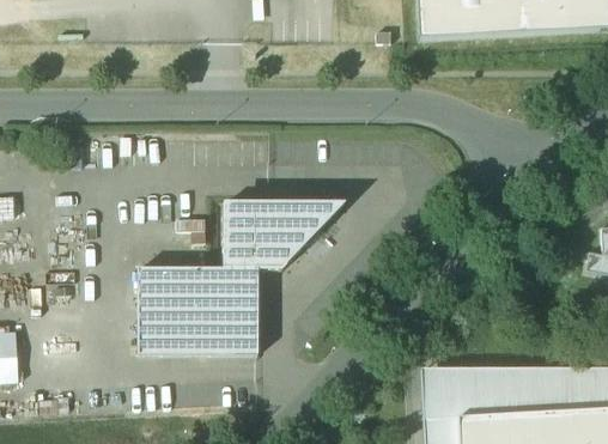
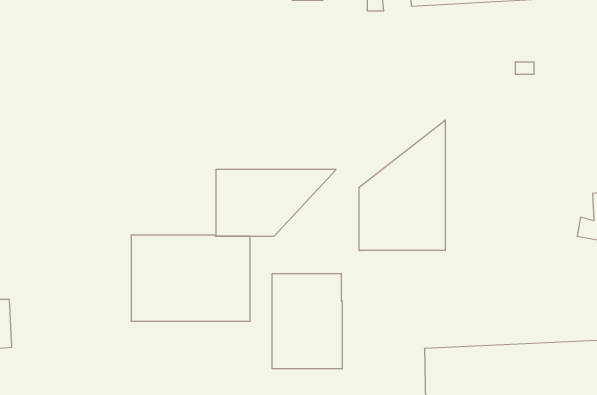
building: none -> [359,120,445,251]
building: none -> [272,273,342,369]

